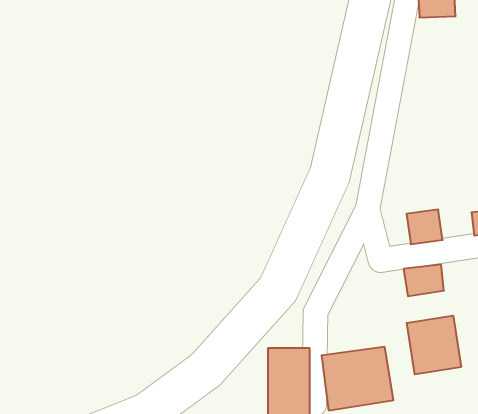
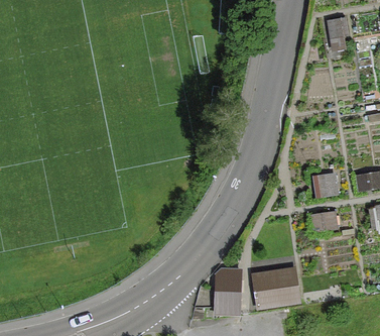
building: [407,316,461,374] -> none

